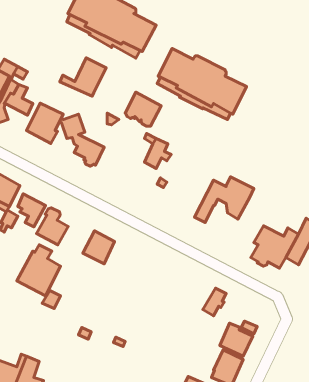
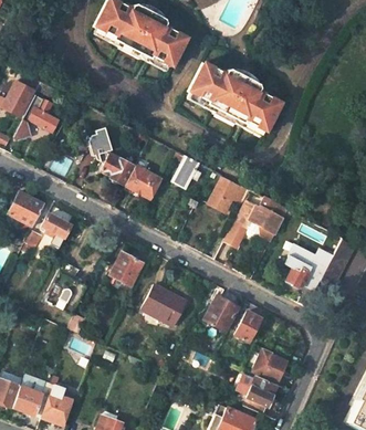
building: [60,58,106,96] -> none
building: [125,92,161,126] -> [125,162,163,198]
building: [26,103,63,143] -> none
building: none -> [208,174,250,211]
building: [37,208,68,245] -> none
building: none -> [143,284,187,325]
building: none -> [203,293,239,331]

